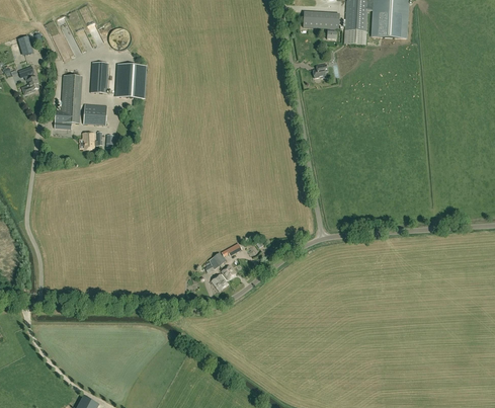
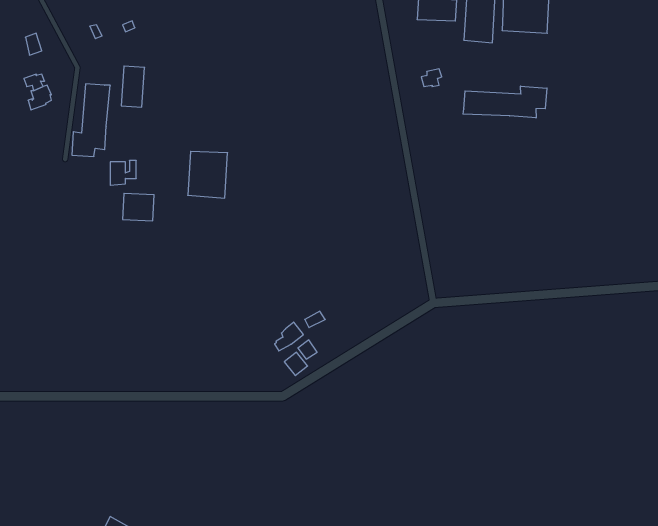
building: [116,64,146,98] -> [188,151,228,198]
building: none -> [463,86,547,118]
building: [84,104,107,125] -> [123,193,154,221]

